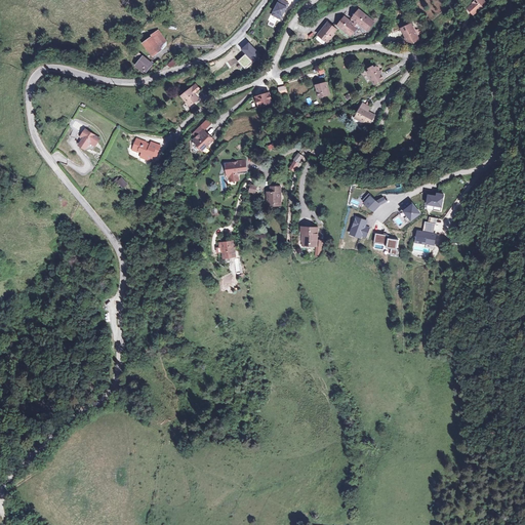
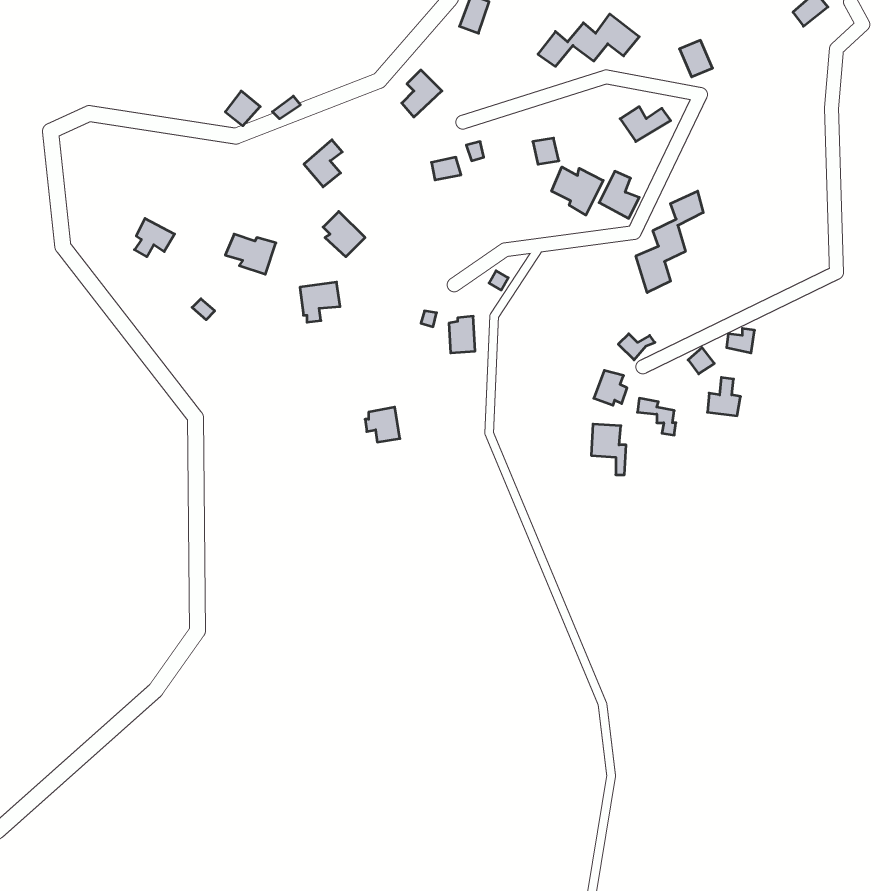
building: [140,29,166,58] -> none
building: none -> [552,167,603,215]
building: none -> [636,191,703,293]
building: [224,158,247,181] -> [300,282,340,322]
building: [299,227,320,256] -> [591,424,626,475]

